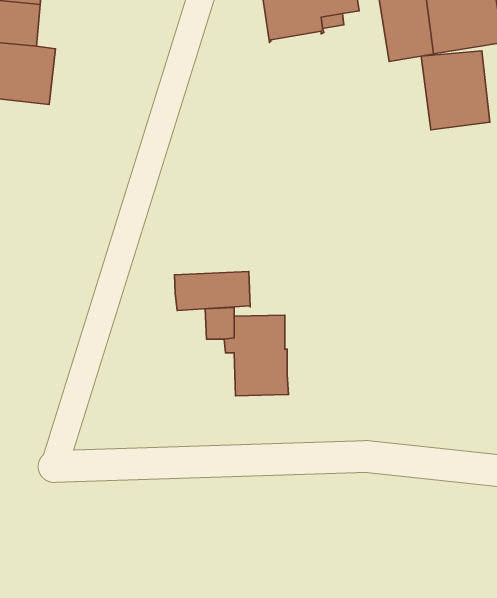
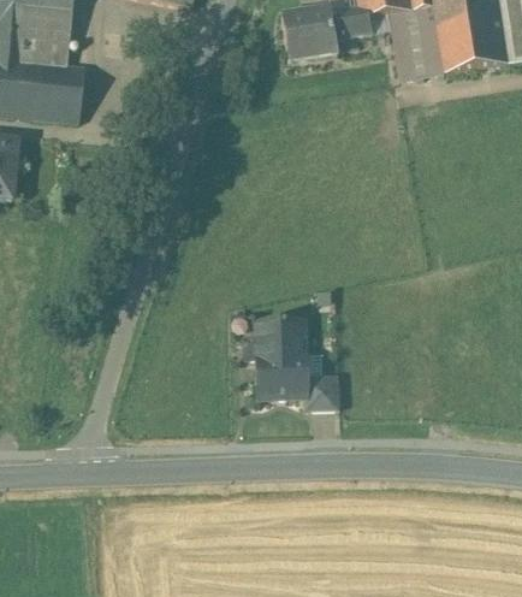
building: [421,51,490,130] -> none
building: [174,272,250,311] -> none
building: none -> [304,377,338,409]

